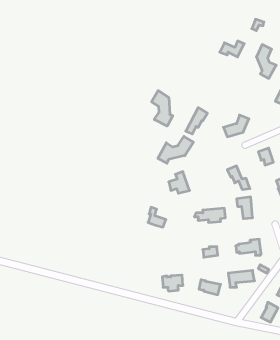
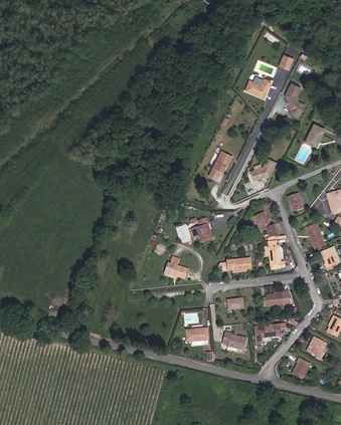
building: [152,91,173,126] -> none
building: [158,136,193,163] -> none

